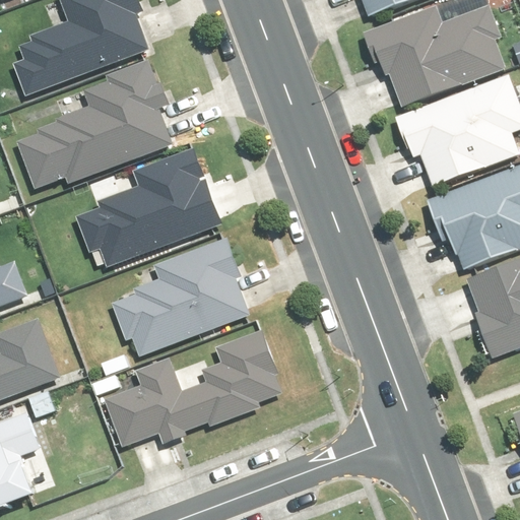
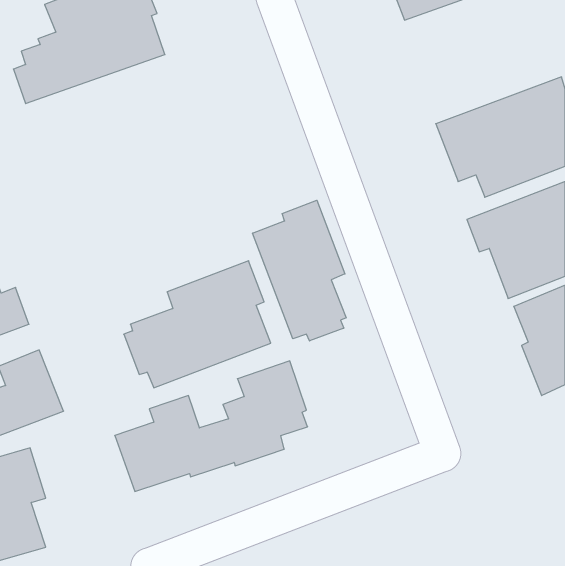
building: [364,5,503,107] -> none
building: [16,60,173,190] -> none
building: [76,149,221,262] -> none
building: none -> [253,200,346,341]

